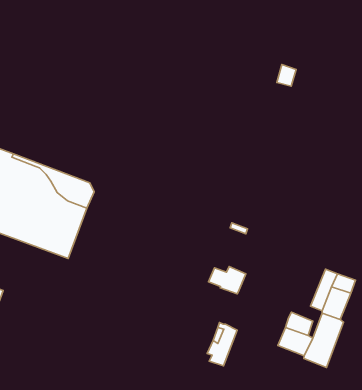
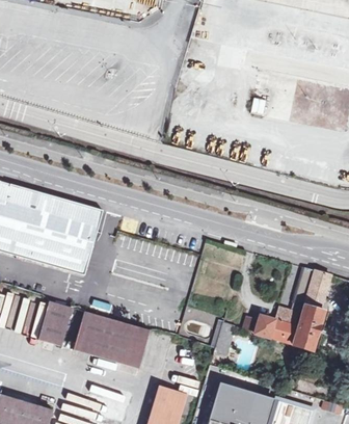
building: [208,266,246,294] -> [244,315,275,338]
building: none -> [38,301,73,346]
building: none -> [74,312,150,369]

